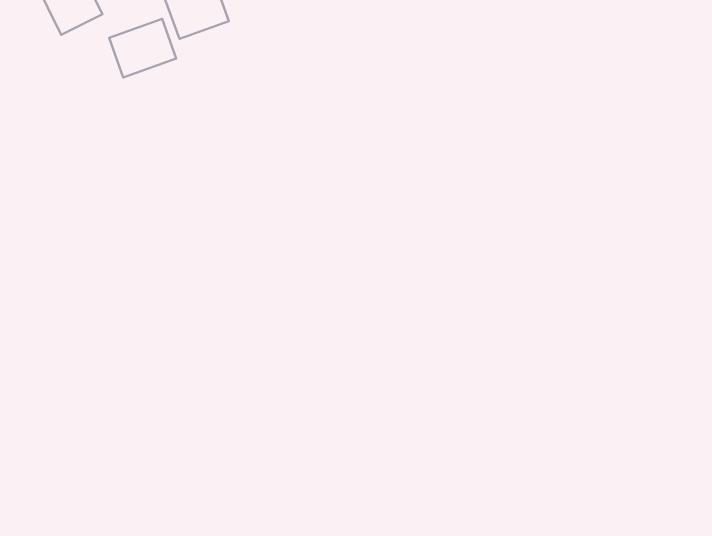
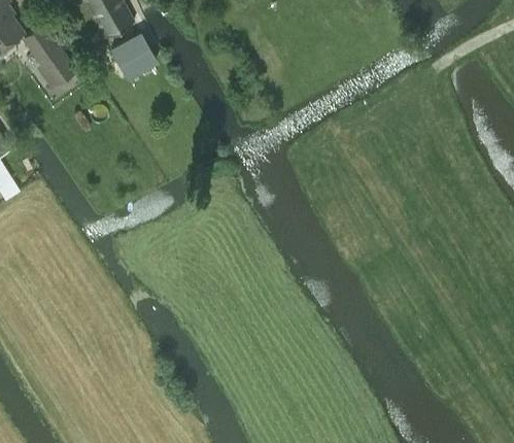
building: [109,19,176,78] -> none

